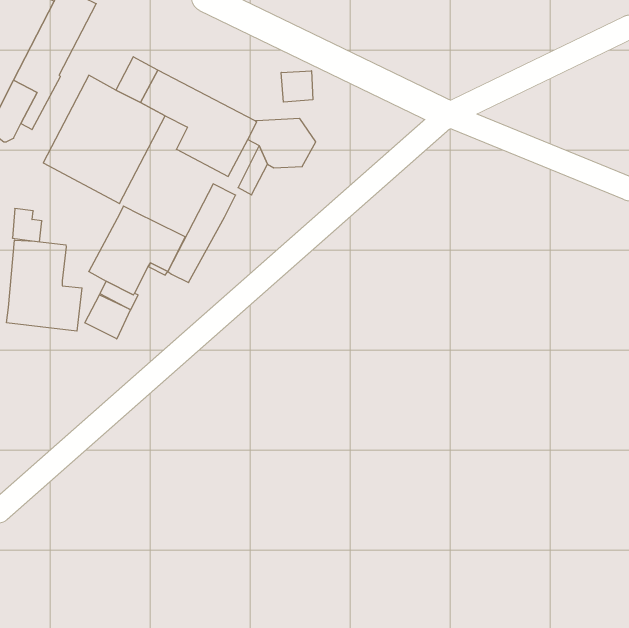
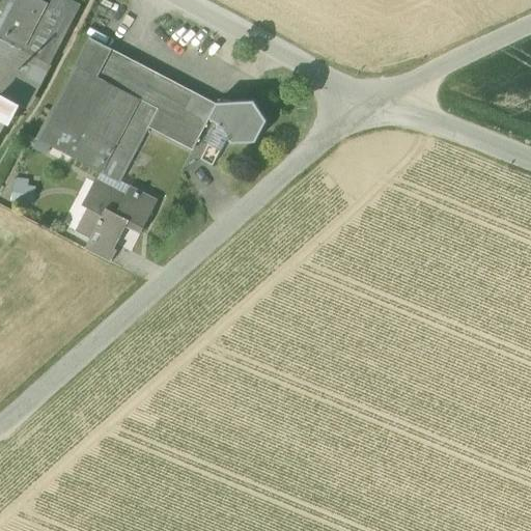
building: none -> [75,36,112,76]
building: [281,71,313,102] -> none
building: [168,184,236,283] -> [101,97,158,180]
building: [7,240,82,331] -> none
building: [85,295,131,339] -> none

